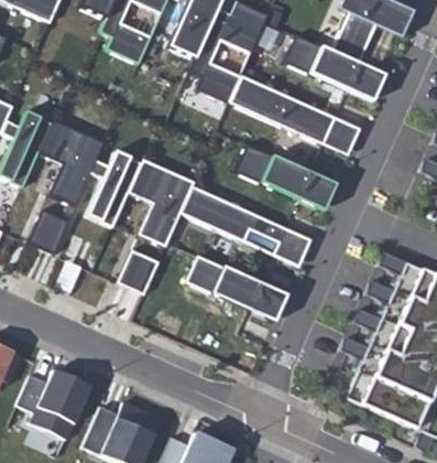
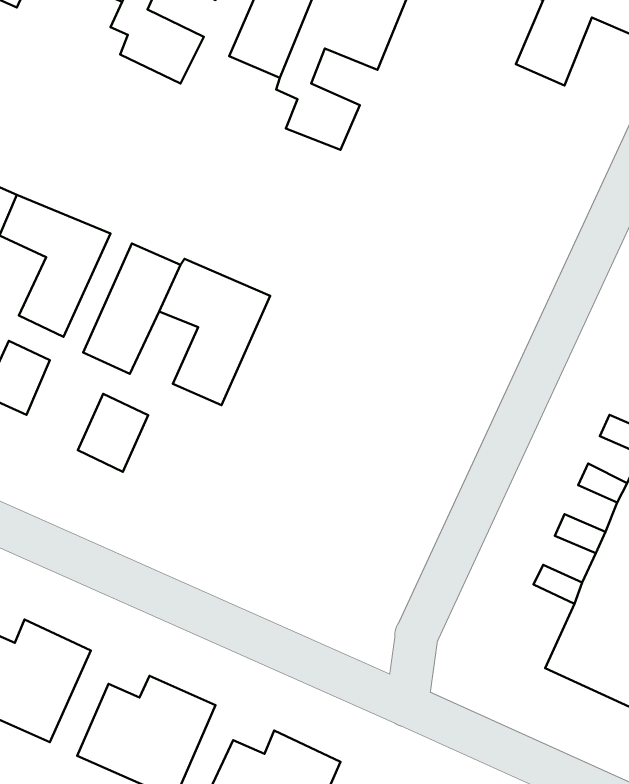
building: [284,37,384,101] -> none
building: [232,76,362,157] -> none
building: [240,144,338,212] -> none
building: [185,192,312,265] -> none
building: [119,250,159,294] -> [78,394,148,472]
building: [186,254,287,320] -> none

